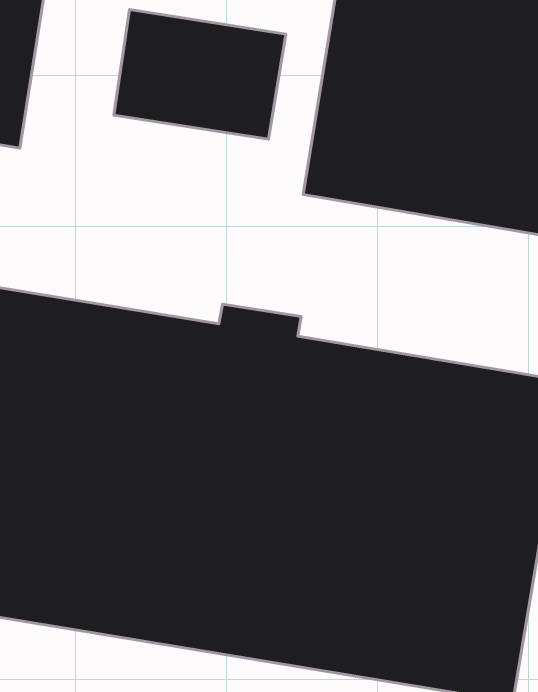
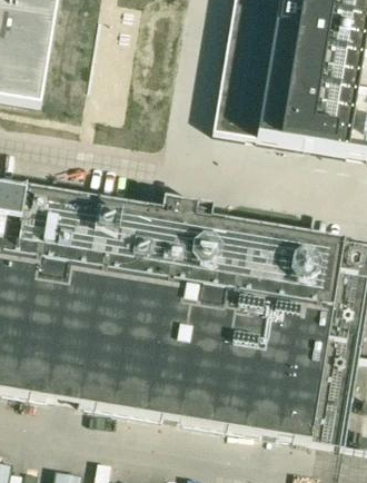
building: [114,9,286,139] -> none

